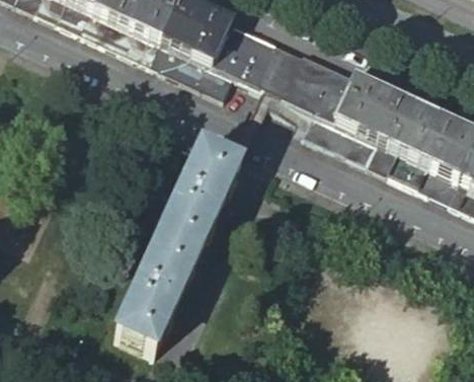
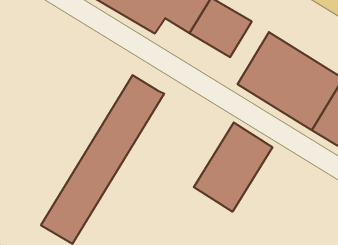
building: [306,63,357,138] -> none
building: none -> [194,122,272,212]

